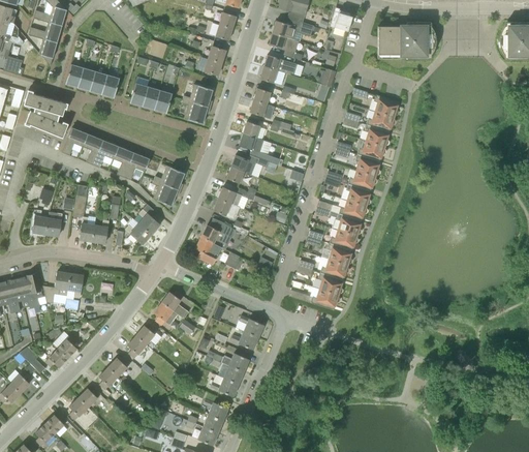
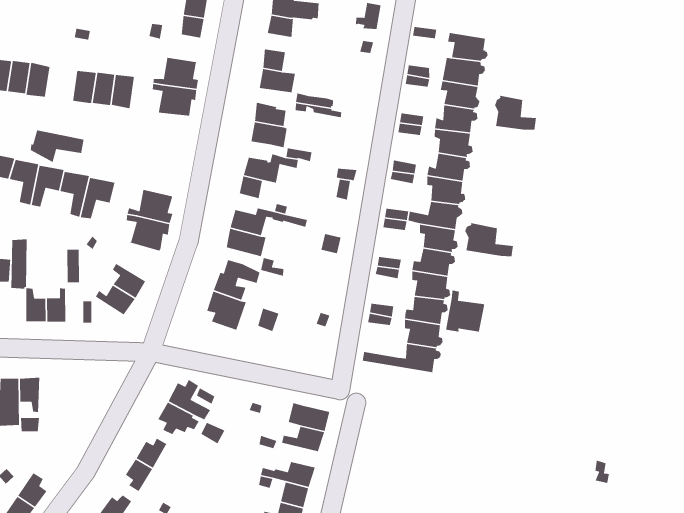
building: none -> [30,130,84,163]
building: none -> [494,95,537,130]
building: none -> [464,222,514,257]
building: none -> [445,290,485,333]

